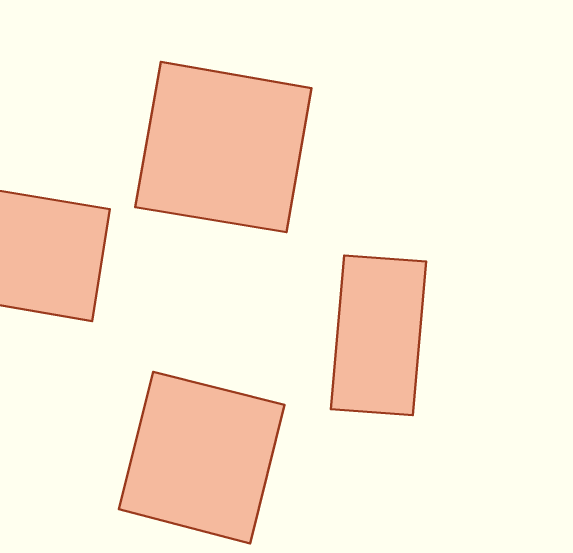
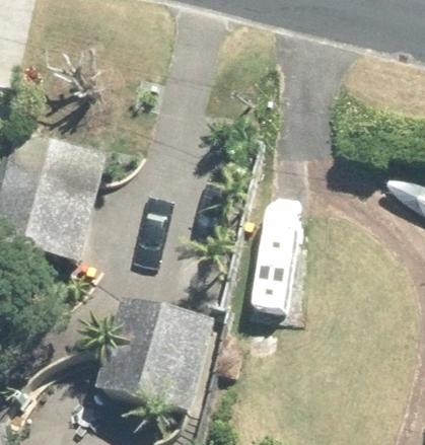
building: [135,62,312,232] -> none

